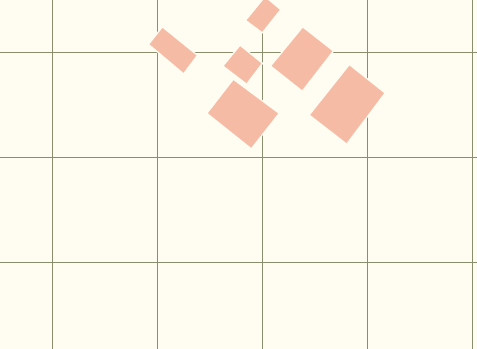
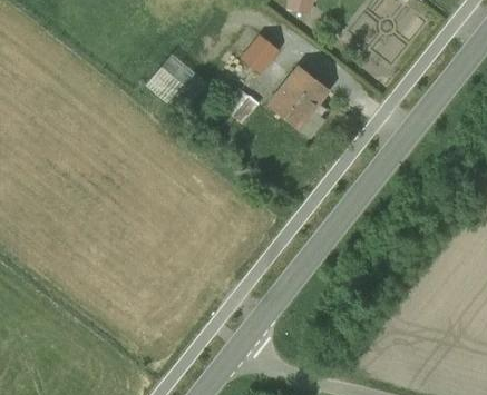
building: [309,65,385,144] -> none
building: [207,79,279,149] -> none

